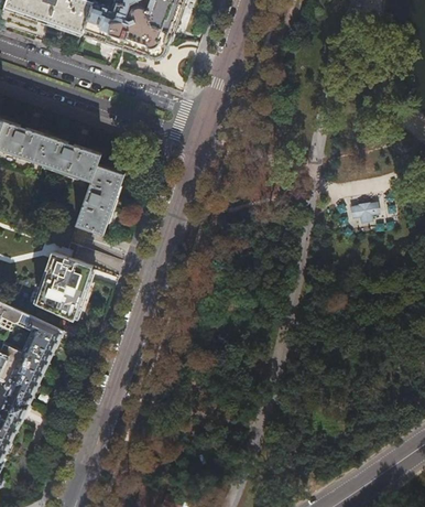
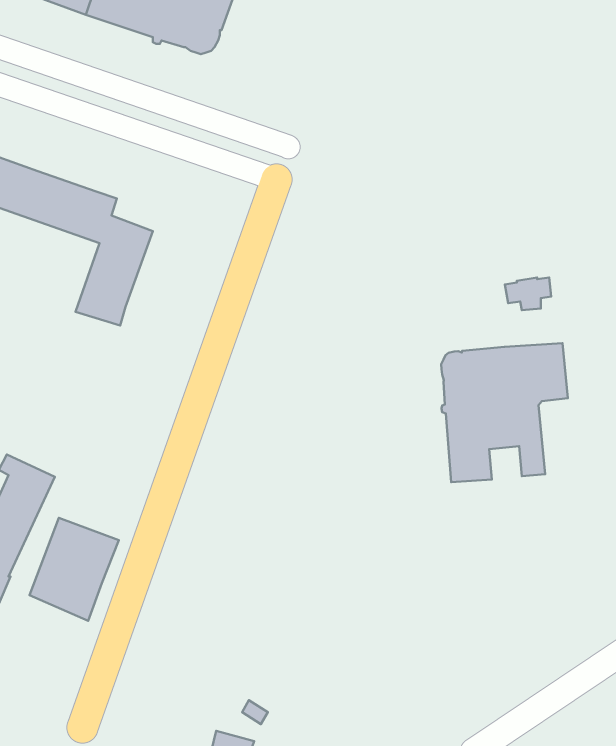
building: none -> [441,343,568,482]
building: [33,252,90,319] -> [30,518,119,621]

